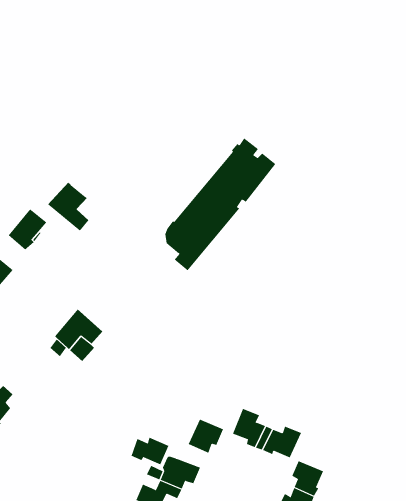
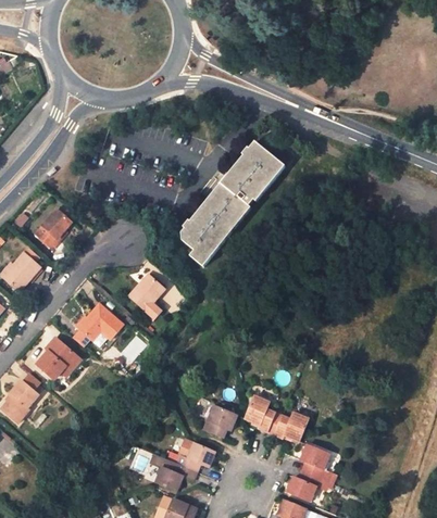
building: [47,182,89,232] -> none
building: none -> [128,274,164,319]
building: none -> [36,338,79,379]
building: [131,437,169,465] -> none

